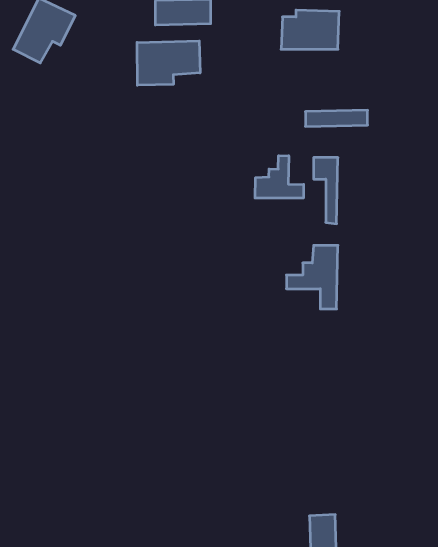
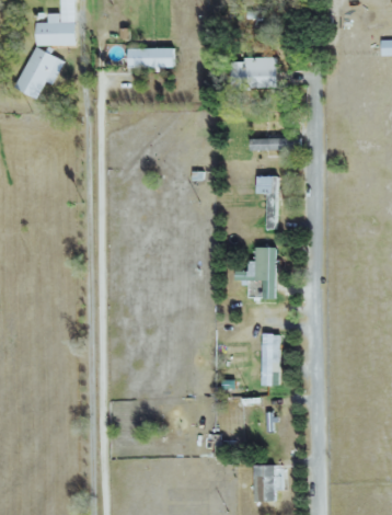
building: [137,41,200,85] -> none
building: [255,156,304,198] -> none
building: none -> [262,333,281,386]

